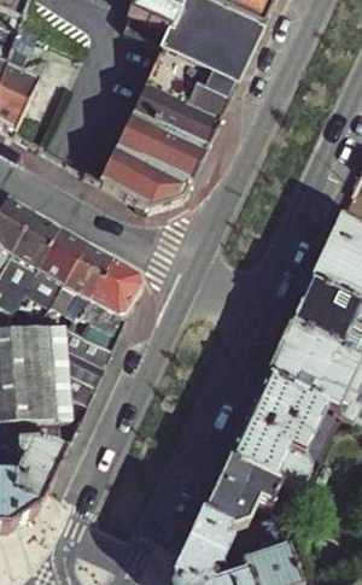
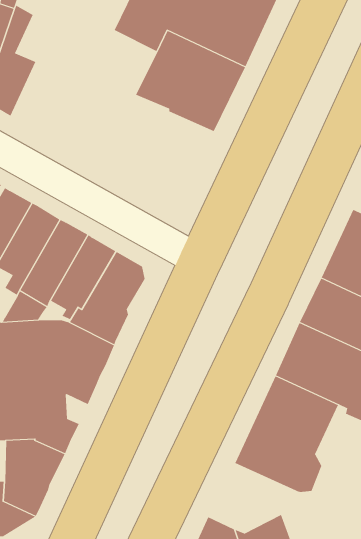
building: [101,105,209,203] -> none
building: [203,455,290,521] -> none

